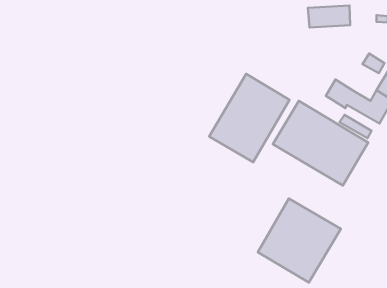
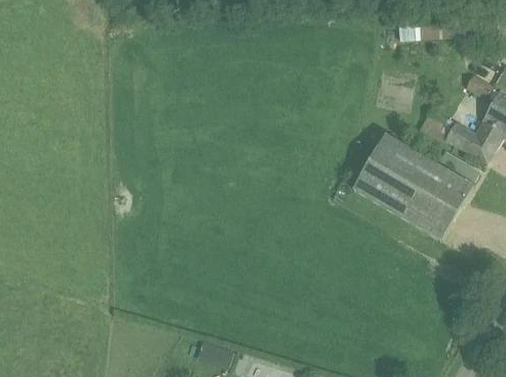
building: [209,74,290,162] -> none
building: [258,199,341,283] -> none

